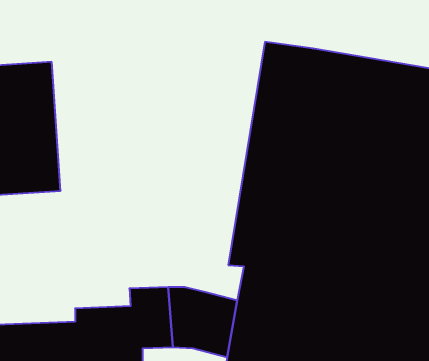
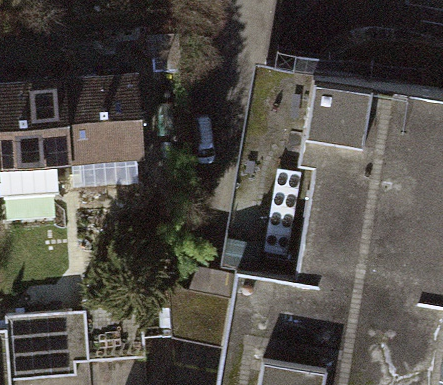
building: none -> [66,78,150,173]

